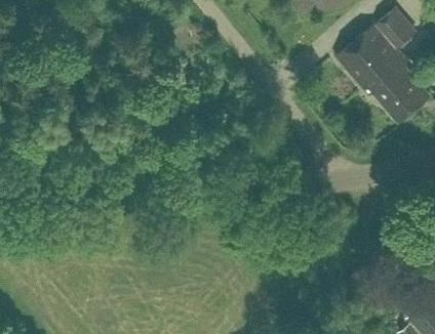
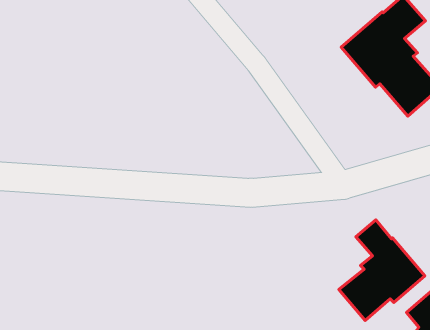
building: none -> [339,220,425,320]

